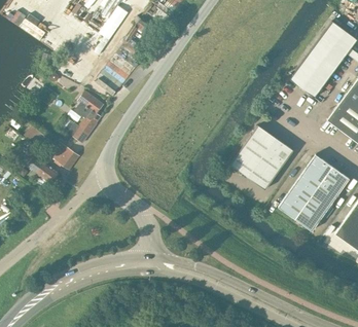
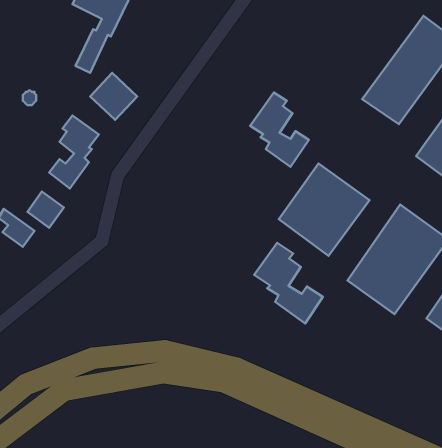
building: none -> [250,93,309,167]
building: none -> [254,243,323,323]

